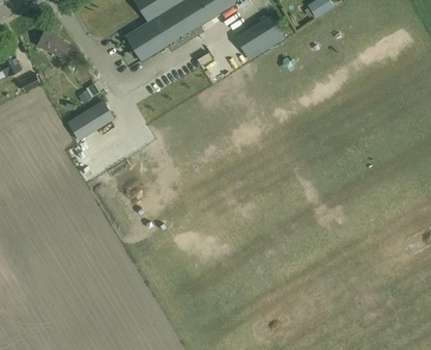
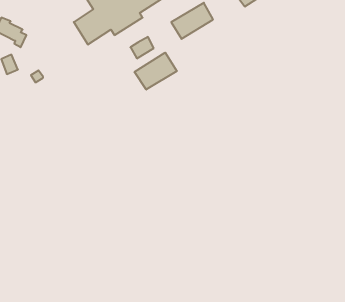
building: none -> [135,53,177,90]
building: [68,100,114,139] -> none

